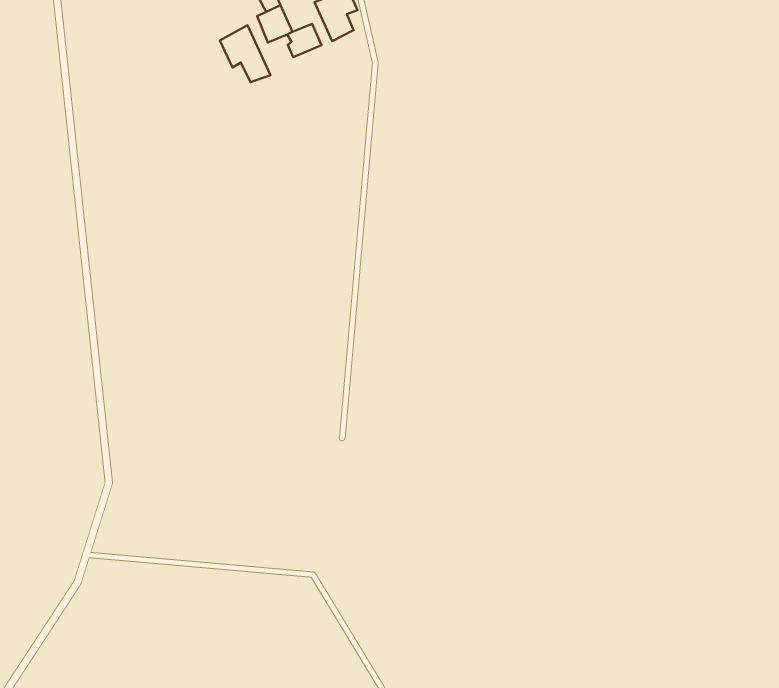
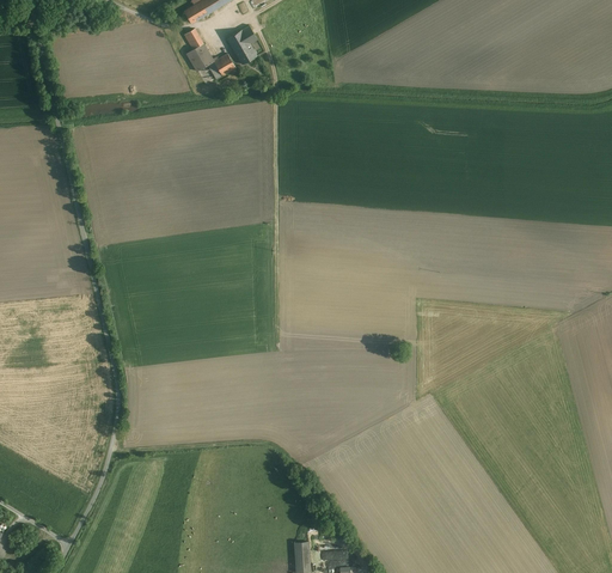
building: [220,25,270,82] -> none

